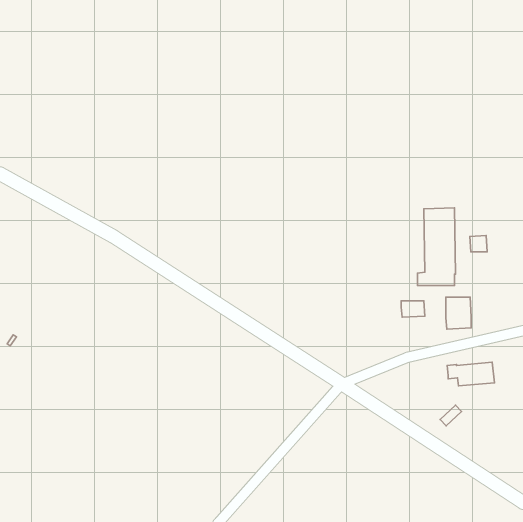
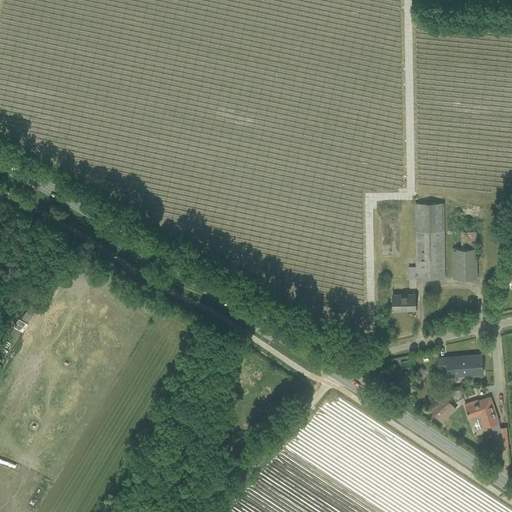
building: [446,297,471,329] -> [452,249,477,280]
building: none -> [465,398,507,451]

